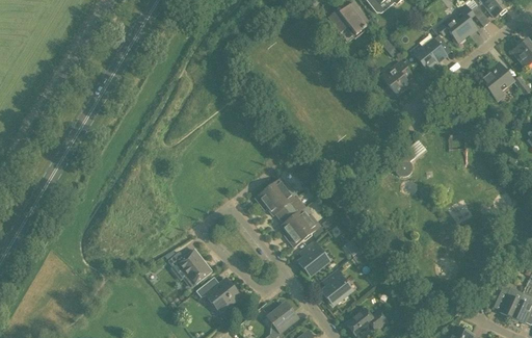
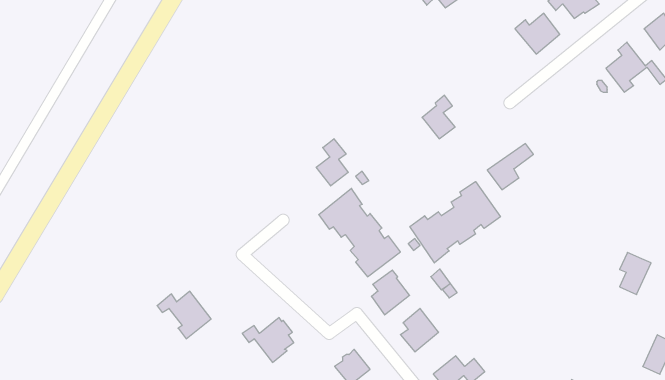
building: [382,60,408,95] -> [422,95,455,139]
building: none -> [316,139,348,186]
building: none -> [410,182,500,263]
building: [168,248,211,285] -> [157,291,211,339]
building: [498,283,523,316] -> [620,252,651,295]

